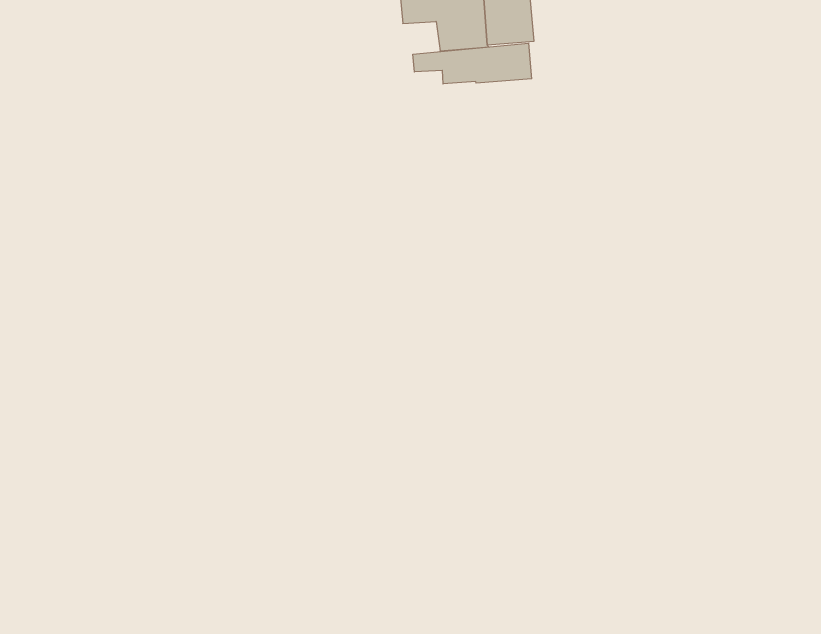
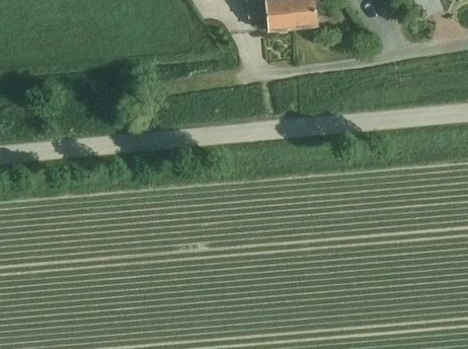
building: [413,43,532,84] -> none

